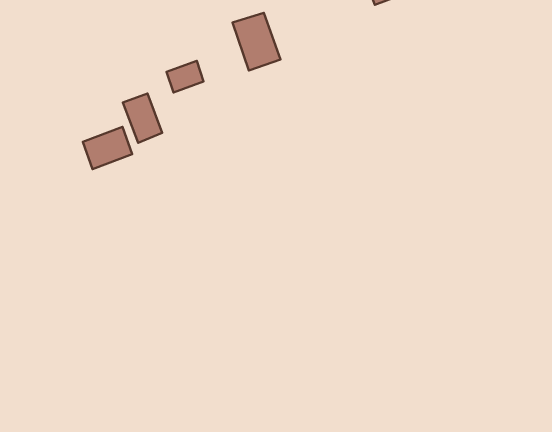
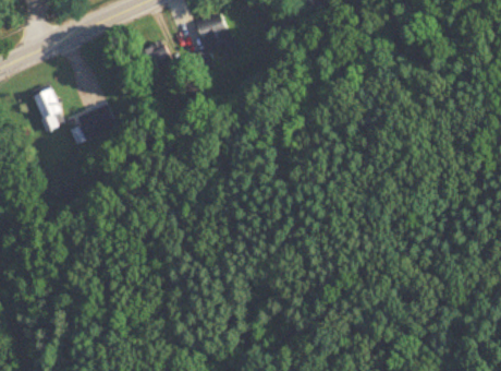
building: [123,93,162,143] -> none
building: none -> [34,88,61,129]

